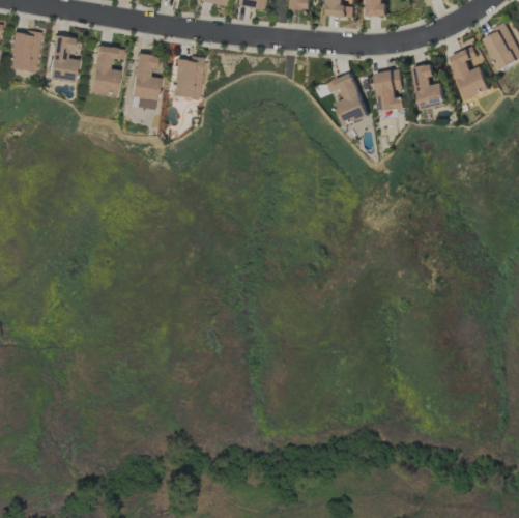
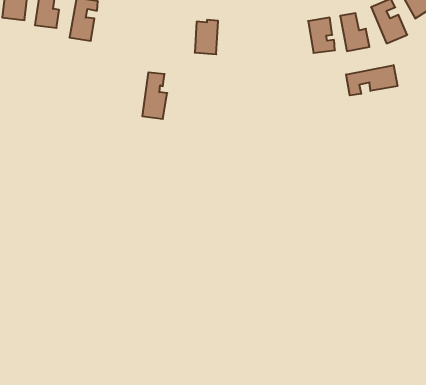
building: [128,53,158,109] -> [142,72,167,119]
building: [173,56,201,97] -> [195,20,218,54]
building: [327,71,370,125] -> none
building: none -> [346,65,397,95]

